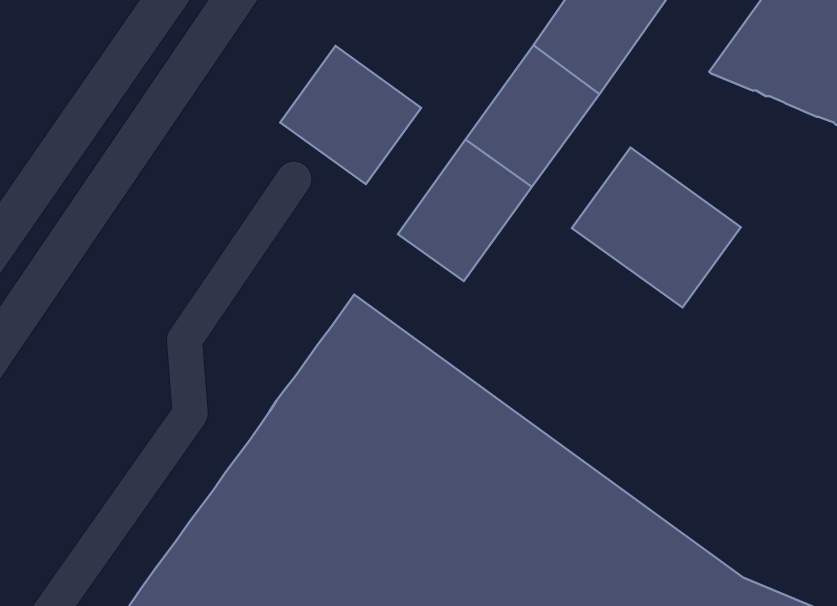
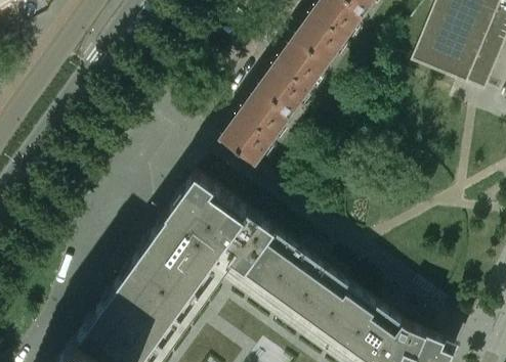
building: [280,46,421,184] -> none
building: [572,147,741,308] -> none

